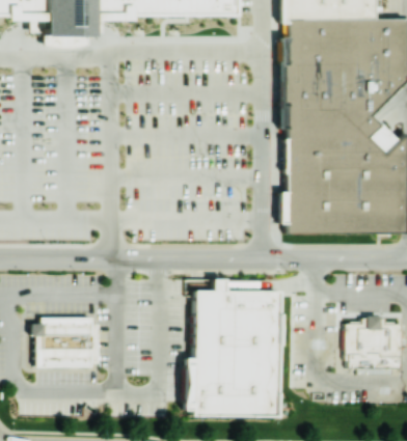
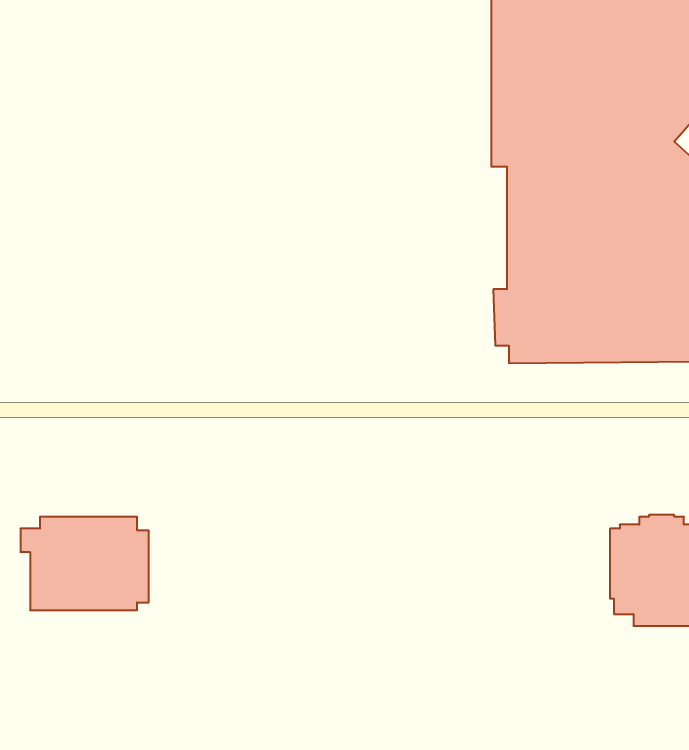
building: [183,276,277,415] -> none

